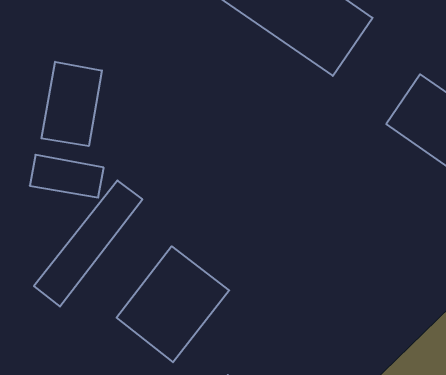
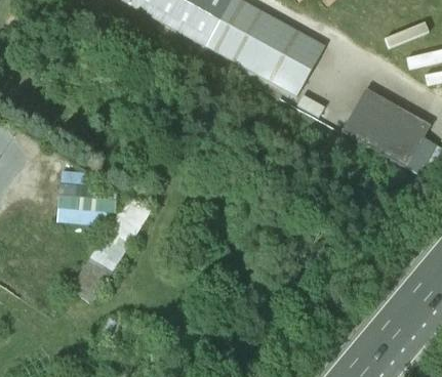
building: [41,62,102,146] -> none
building: [117,246,229,362] -> none

